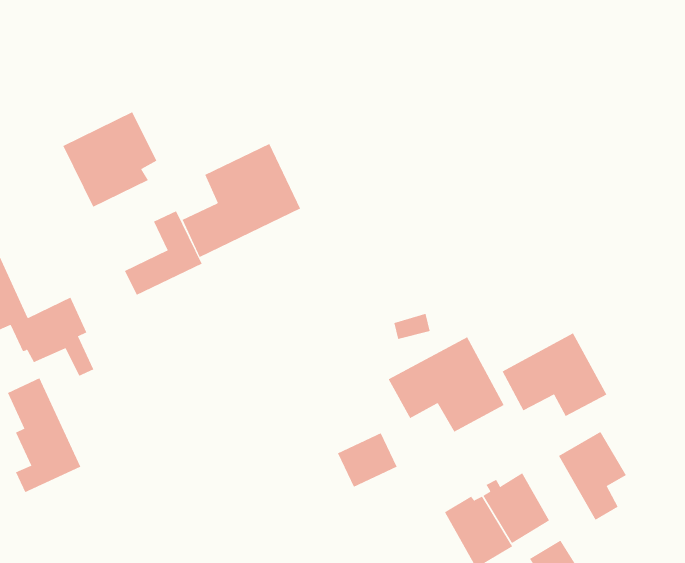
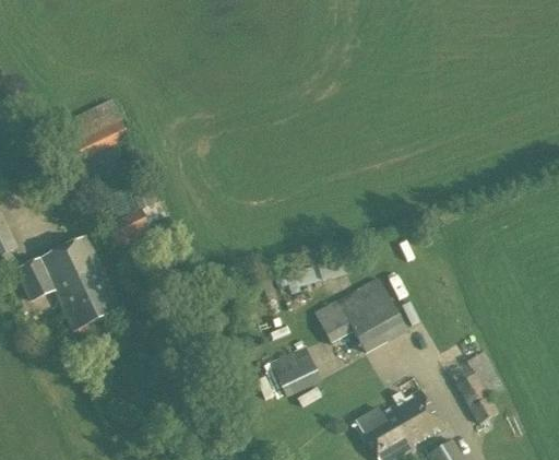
building: [182,143,301,258] -> none
building: [502,333,607,417] -> none
building: [7,378,81,493] -> [60,234,119,326]

